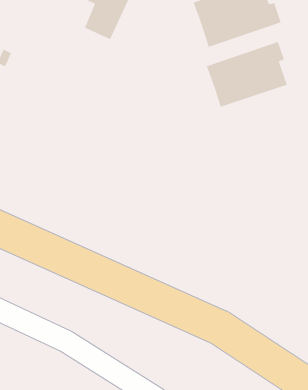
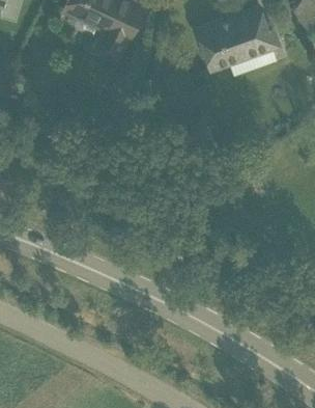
building: [206,41,288,108] -> none

